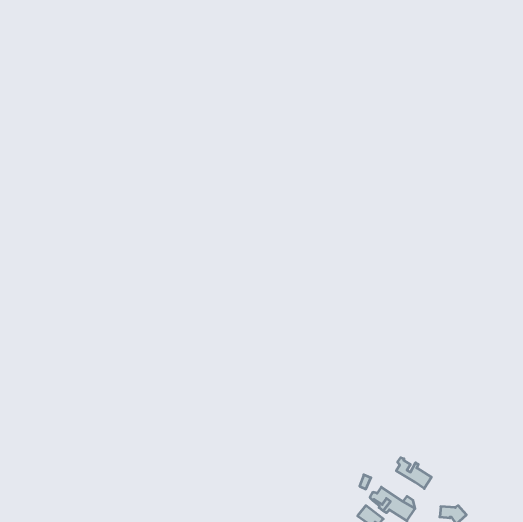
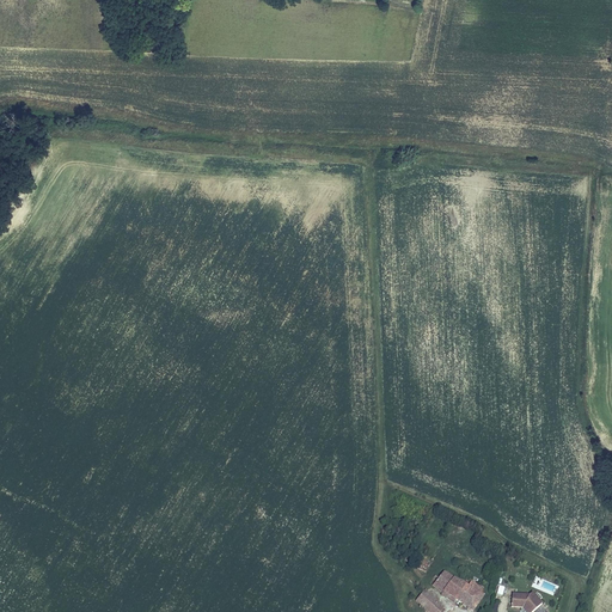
building: [396,458,431,489] -> none

